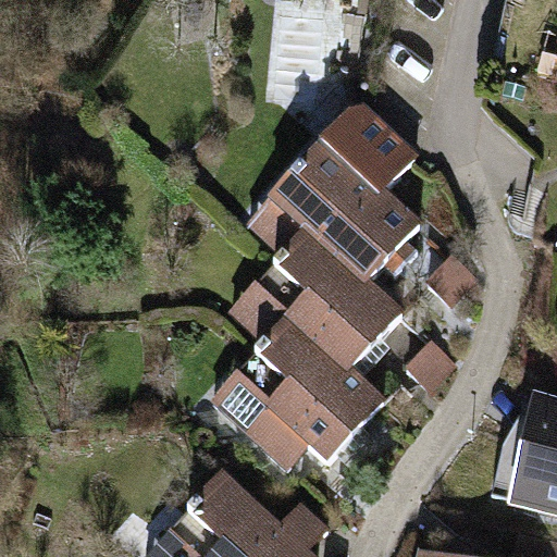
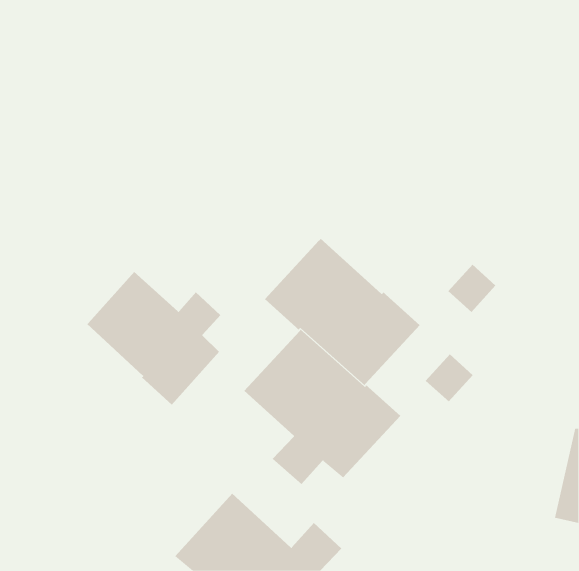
building: [271,108,420,282] -> none
building: none -> [86,271,221,406]

